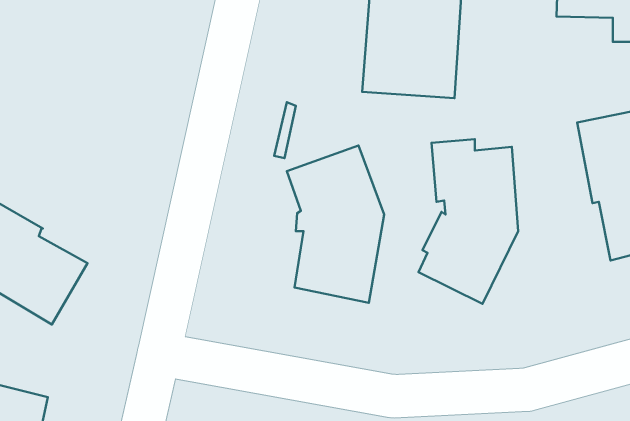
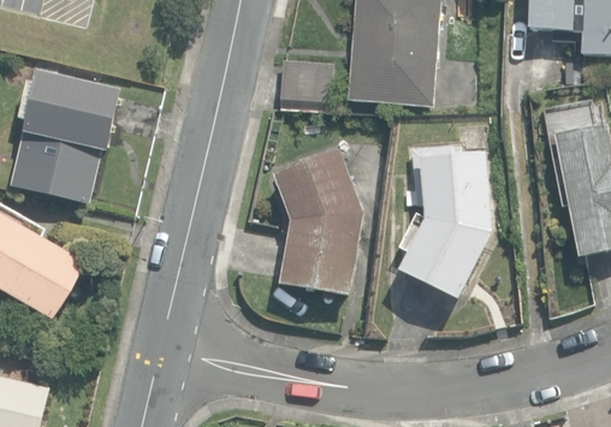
building: none -> [279,58,331,111]
building: none -> [10,70,121,203]

